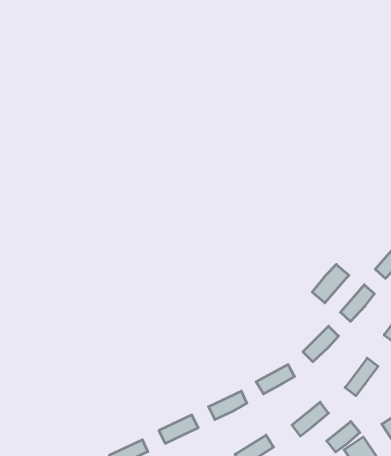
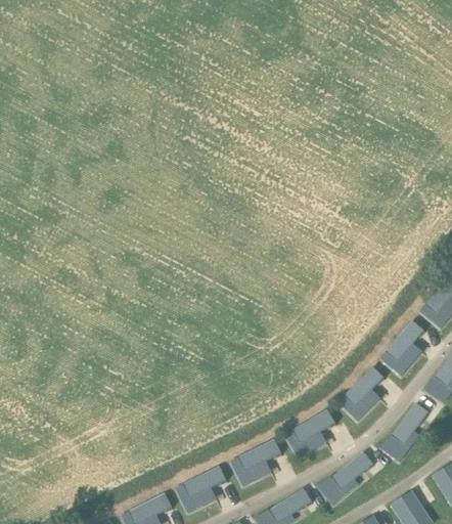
building: [312,264,349,303] -> none
building: [327,421,360,452] -> none

